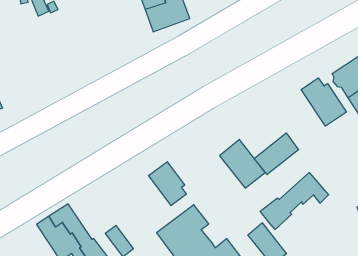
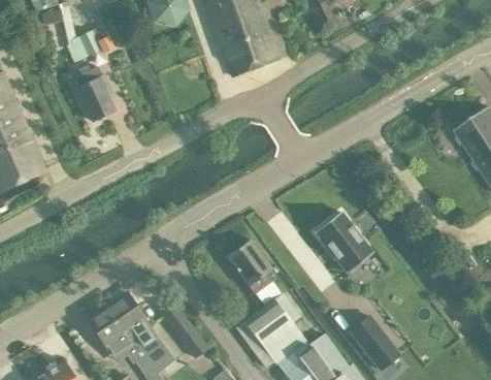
building: none -> [73,67,114,122]
building: [301,78,346,126] -> none
building: [254,133,299,175] -> none
building: [260,173,329,229] -> none

